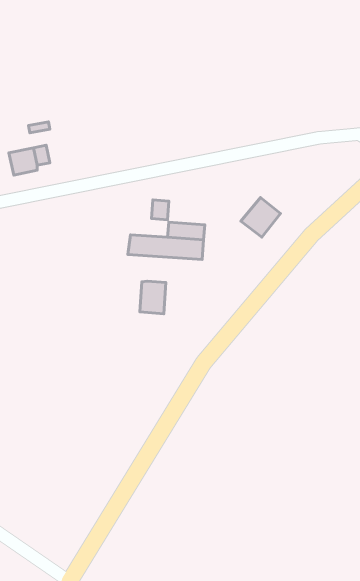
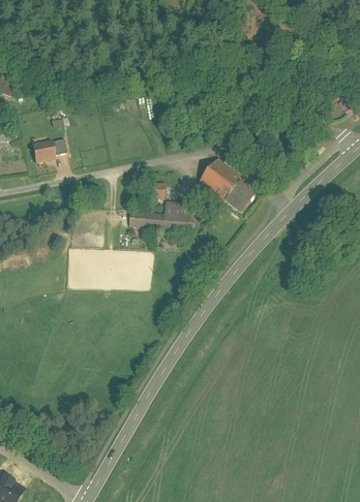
building: none -> [199,156,244,201]
building: [140,281,166,314] -> none

